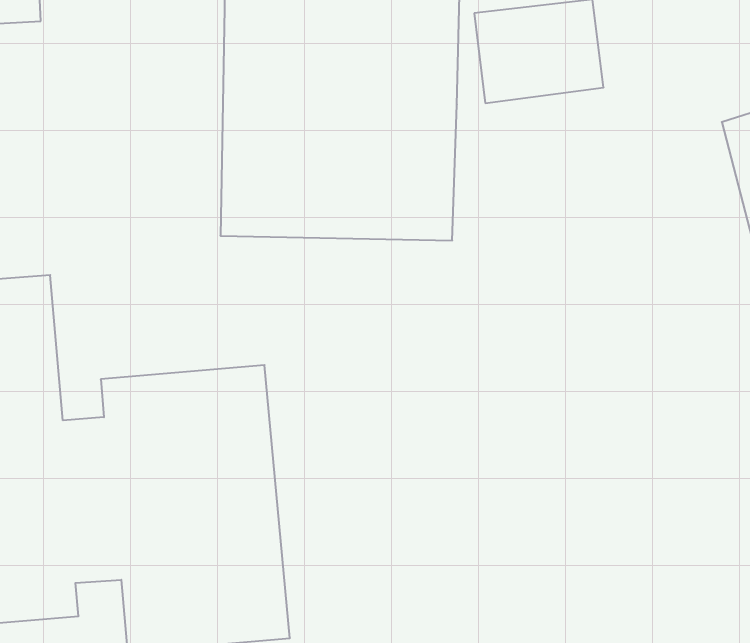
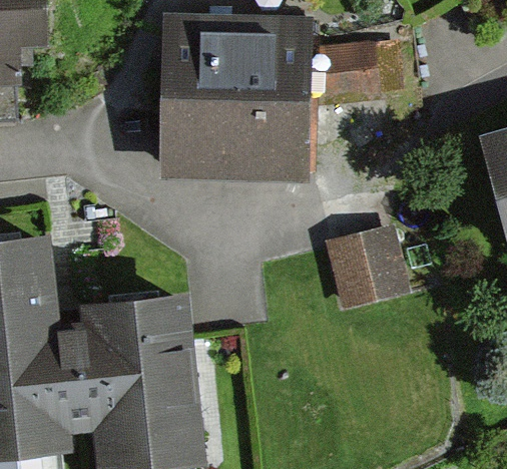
building: none -> [326,228,410,313]

